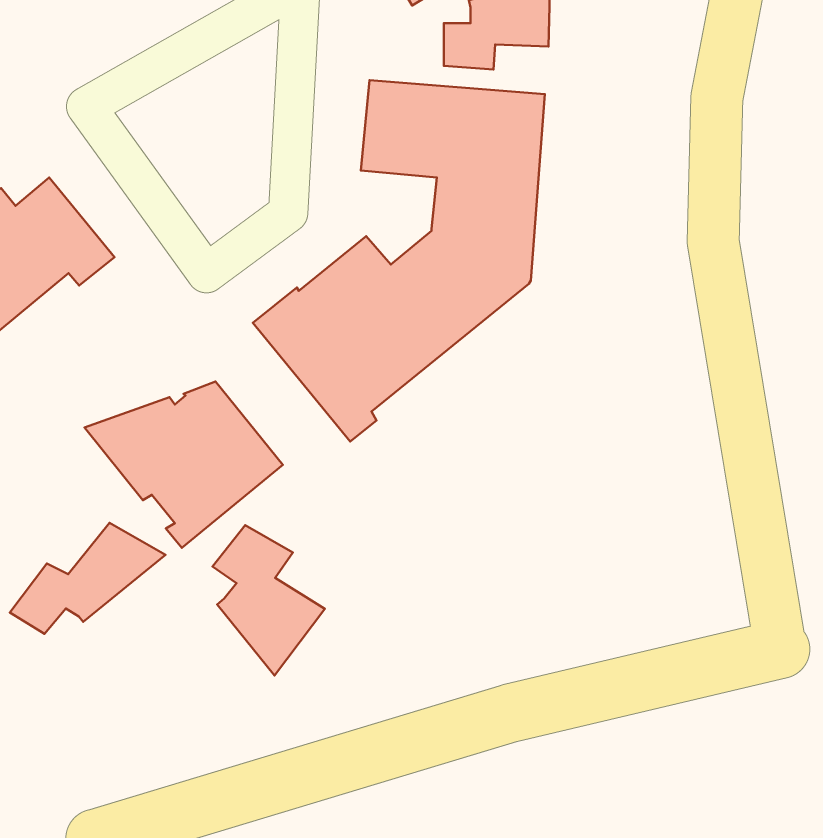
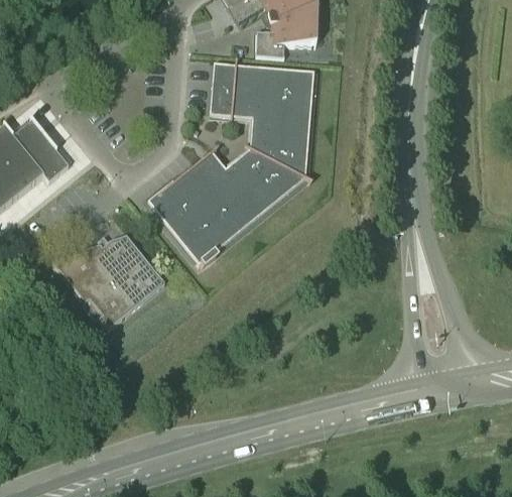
building: [10,523,166,634] -> none
building: [212,525,325,676] -> none

